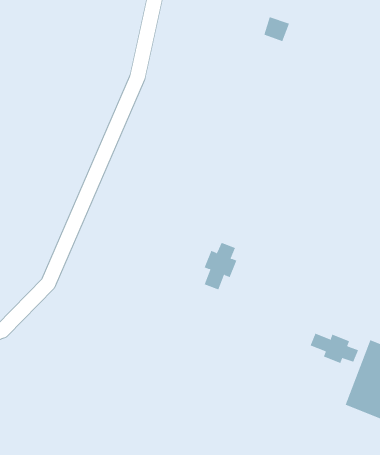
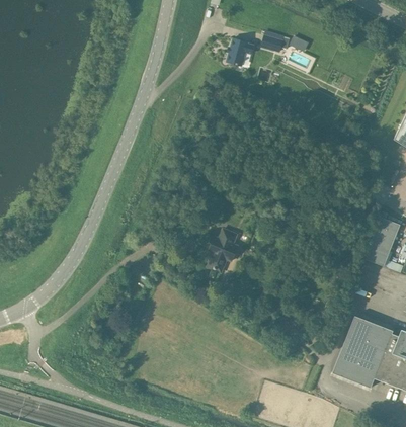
building: none -> [228,39,255,67]
building: [310,333,359,364] -> none

